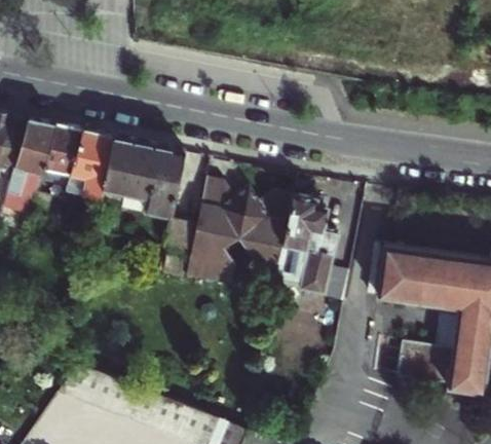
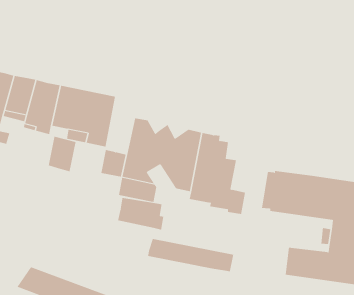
building: none -> [48,136,76,172]
building: none -> [117,197,164,231]
building: none -> [148,238,234,272]

